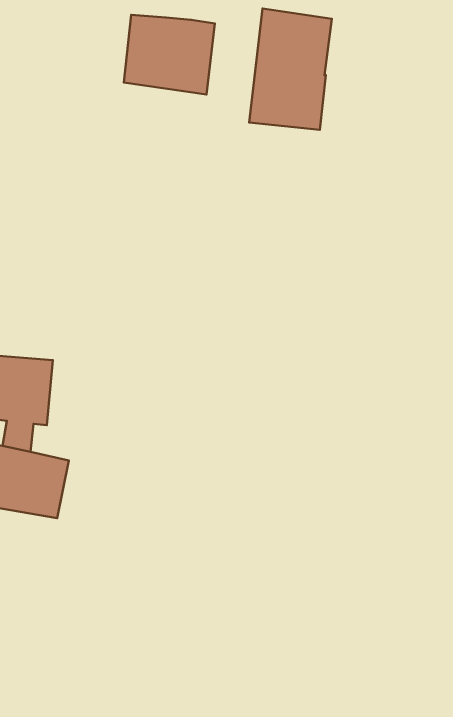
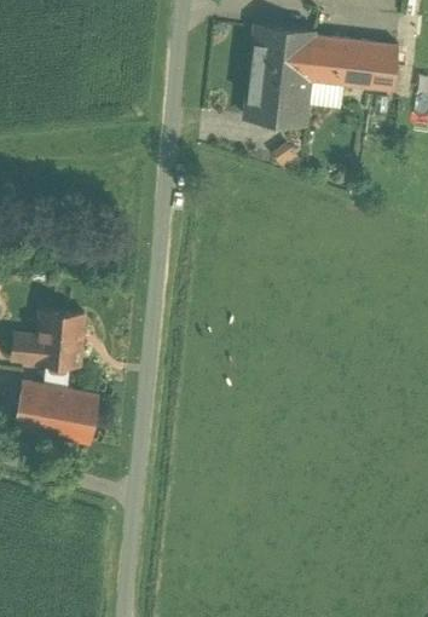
building: [124,15,215,94] -> none
building: none -> [307,34,407,92]

